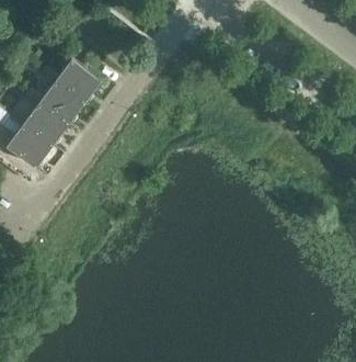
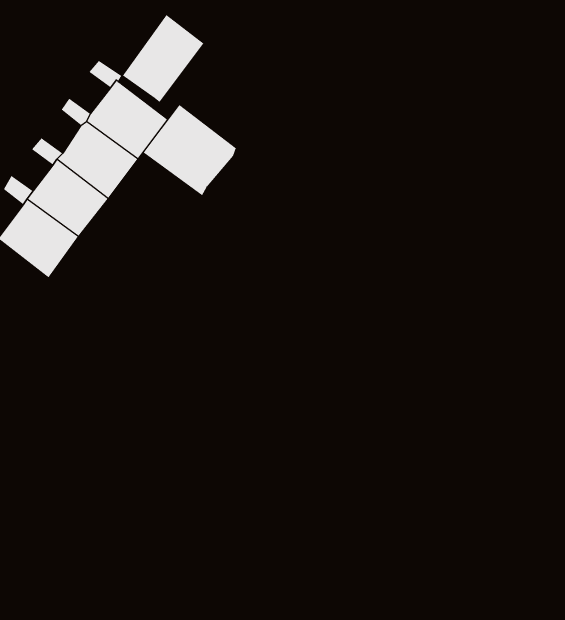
building: none -> [122,14,204,103]
building: none -> [143,104,236,196]

